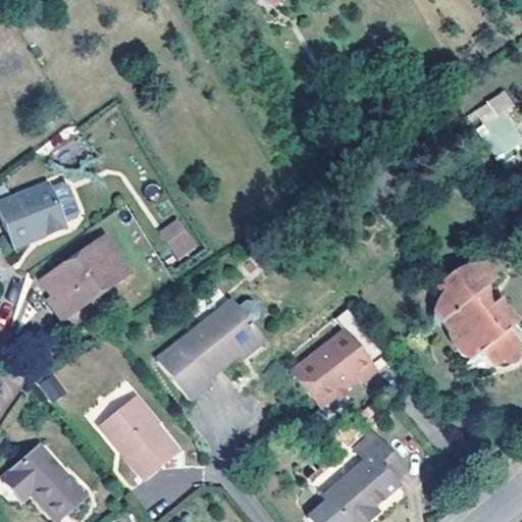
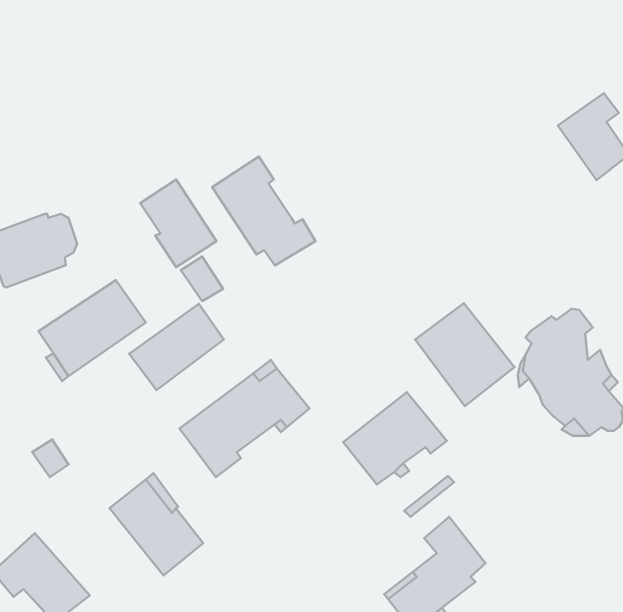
building: none -> [212,156,315,266]
building: none -> [140,179,217,267]
building: none -> [415,303,515,406]
building: none -> [129,304,224,390]

